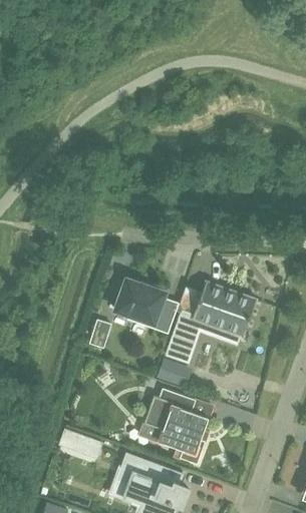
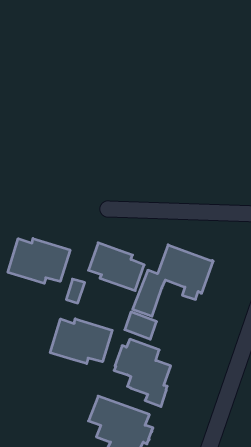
building: none -> [8,238,70,283]
building: none -> [50,319,112,364]

